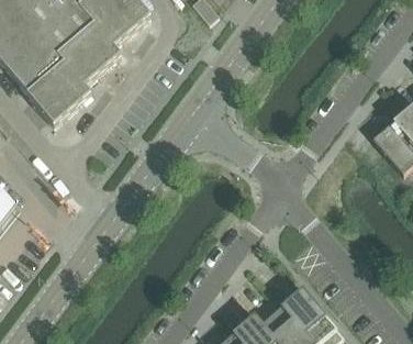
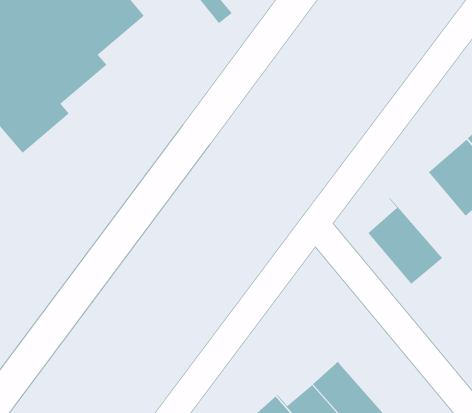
building: none -> [368,197,443,285]

